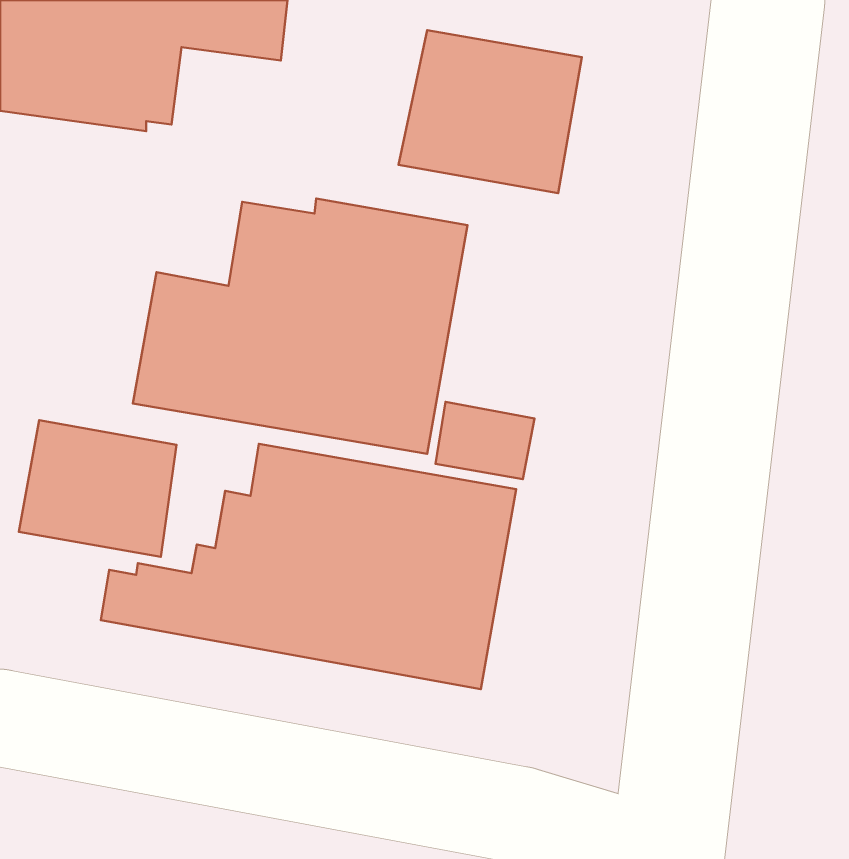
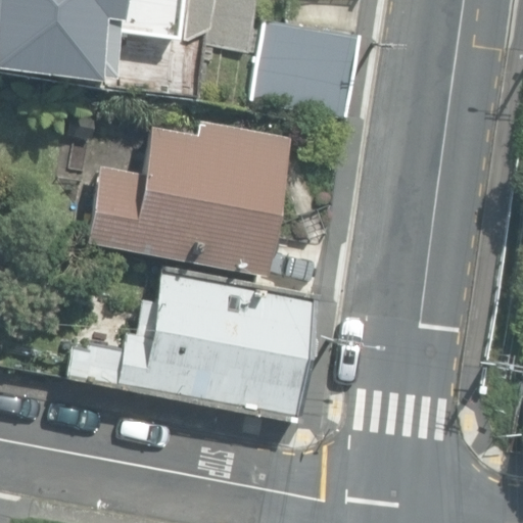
building: [19,420,176,557] -> none

